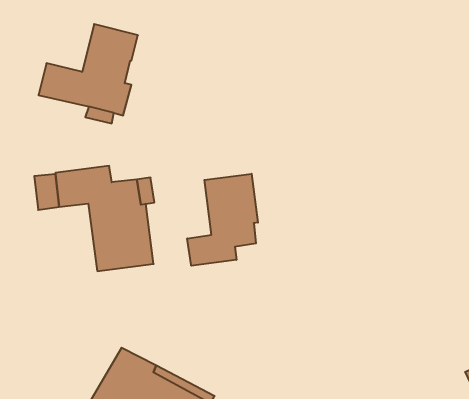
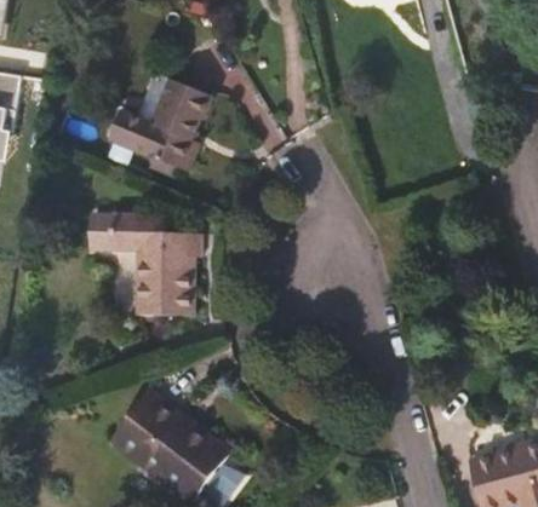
building: [187,174,258,266] -> none

